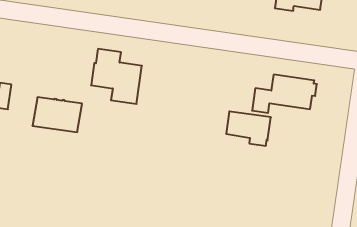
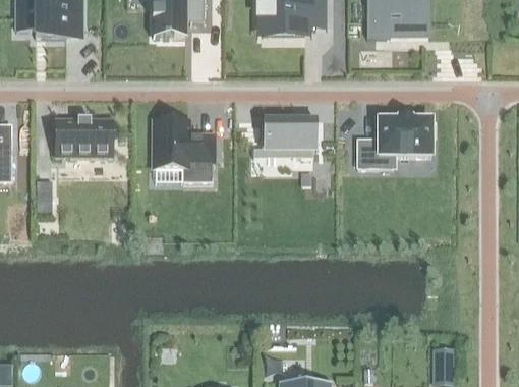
building: [32,97,82,132] -> [55,117,113,155]
building: [226,111,271,146] -> [262,119,314,156]

